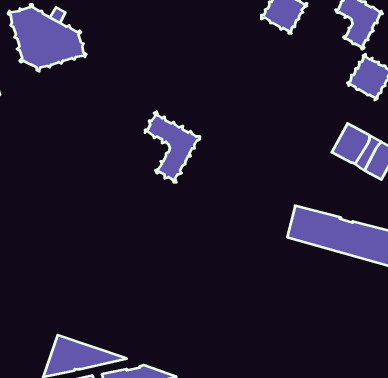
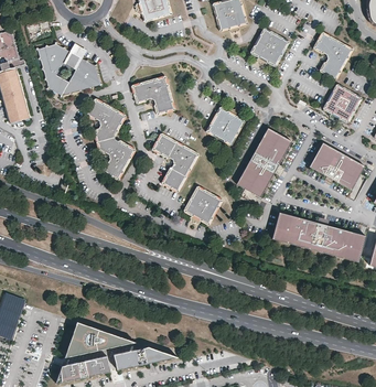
building: none -> [130,75,174,115]
building: none -> [85,98,135,180]
building: none -> [205,106,244,144]
building: none -> [235,127,291,197]
building: none -> [183,186,222,225]

